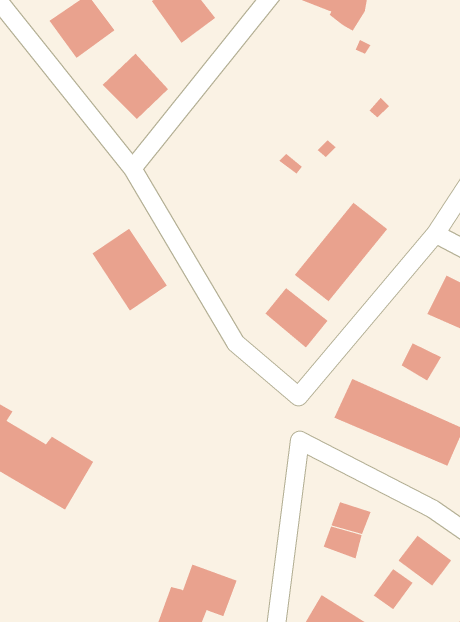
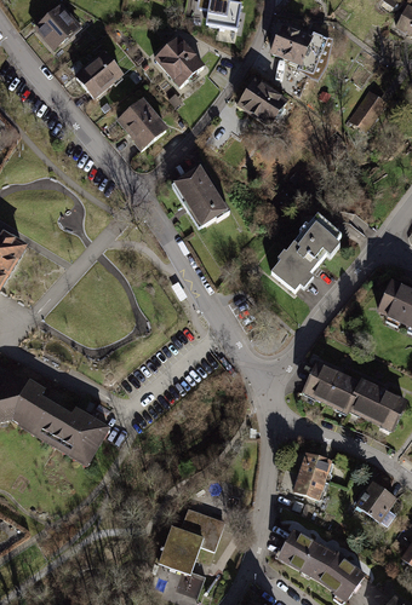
building: none -> [235,77,287,128]
building: none -> [347,87,387,129]
building: [92,228,168,311] -> [168,163,229,230]
building: [265,287,329,349] -> none
building: [401,342,442,382] -> none
building: [373,568,413,610] -> none

